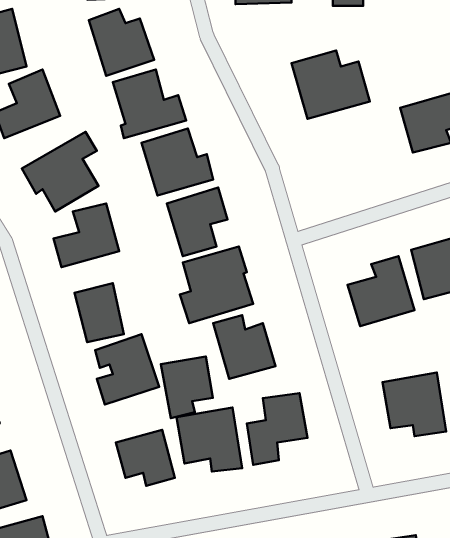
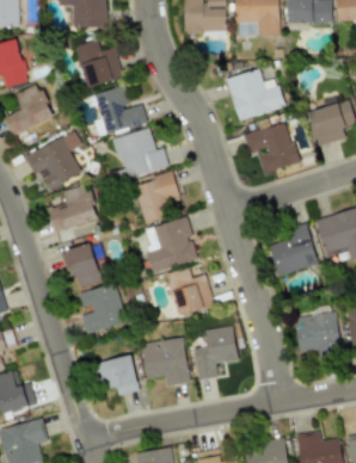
building: none -> [244,123,297,172]
building: [161,357,213,418] -> none

